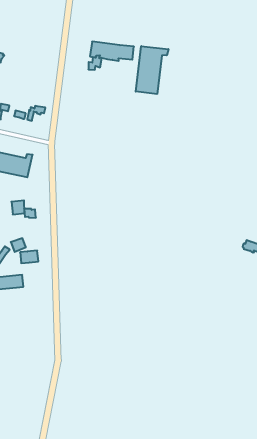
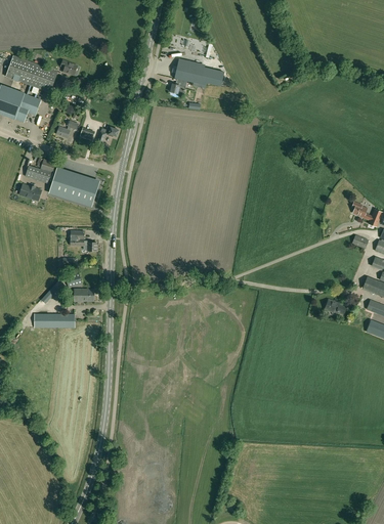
building: [136,46,168,94] -> none

